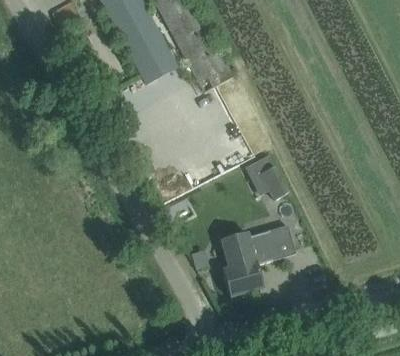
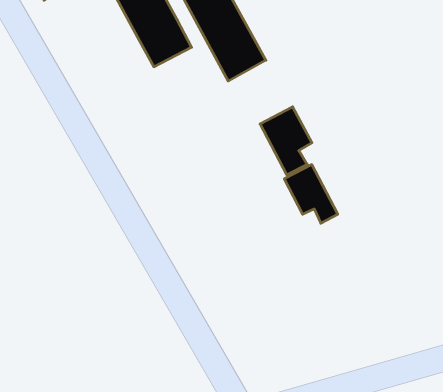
building: none -> [260,107,312,175]
building: [220,225,295,295] -> none

